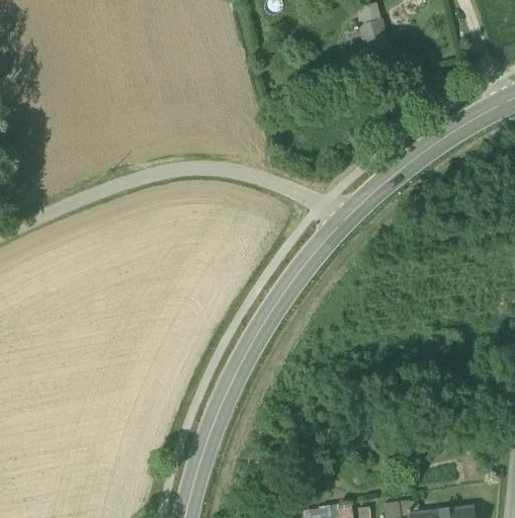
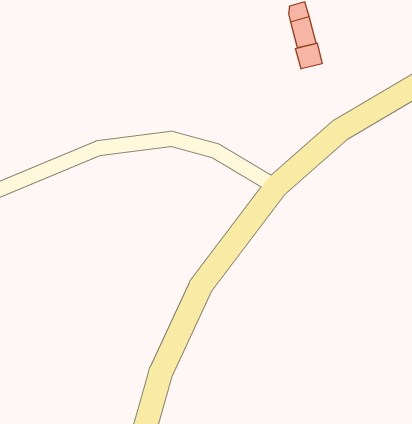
building: none -> [295,43,322,69]

